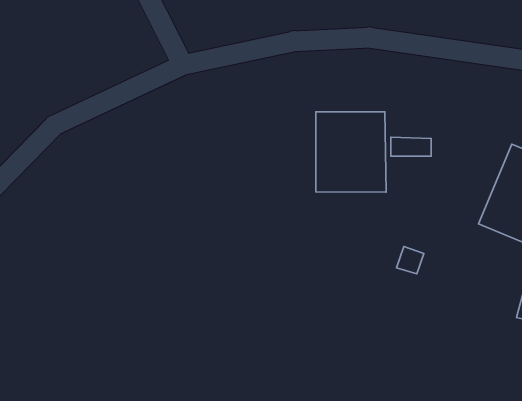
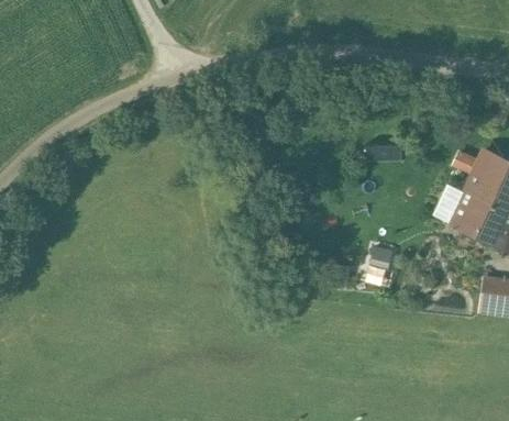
building: [316,112,386,192] -> none

